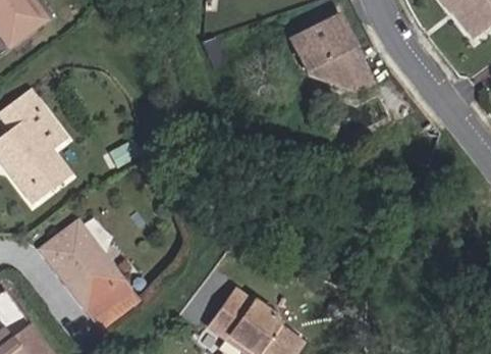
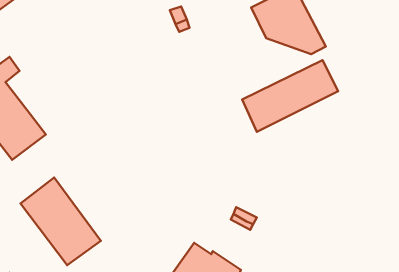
building: none -> [242,60,338,132]
building: [24,103,68,149] -> none

